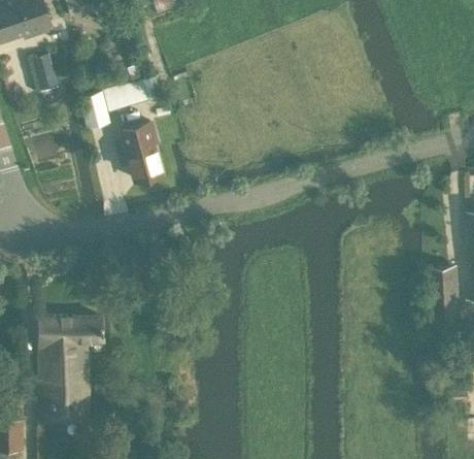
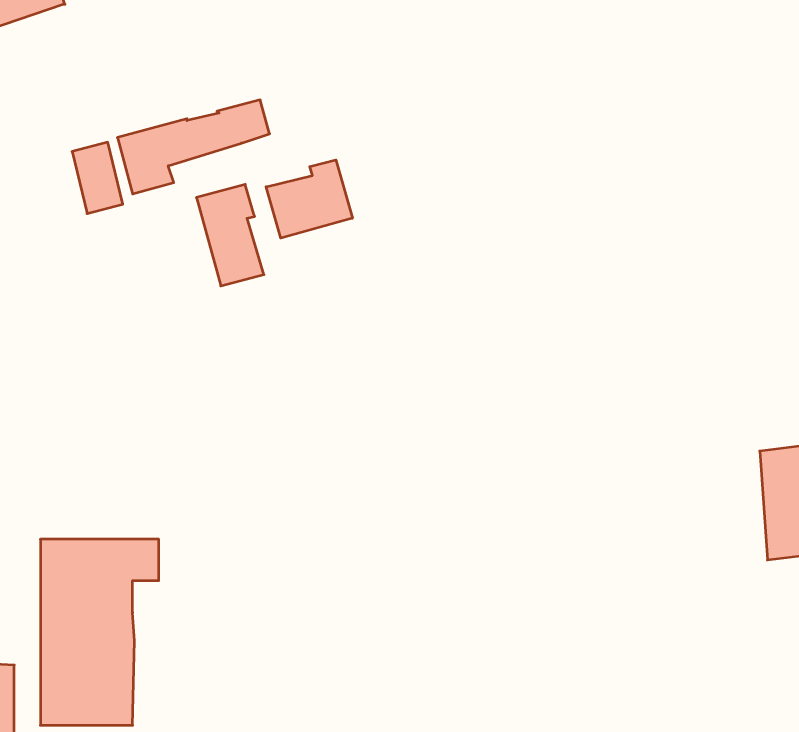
building: [29,54,57,93] -> [72,142,123,214]
building: none -> [266,160,352,238]

